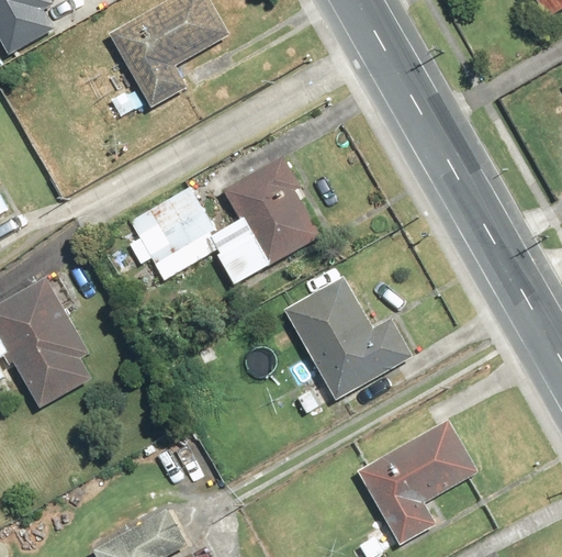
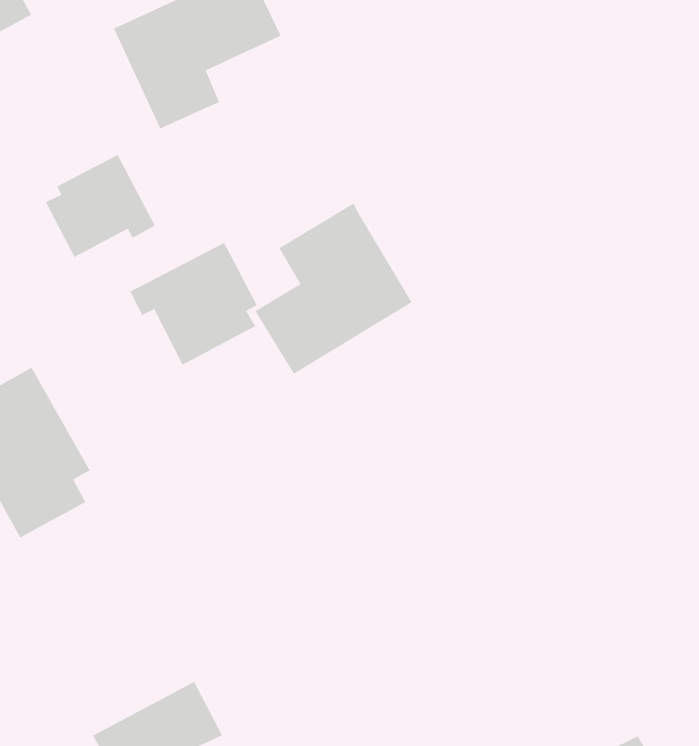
building: none -> [45,154,155,258]
building: [283,276,411,400] -> none
building: [357,419,476,543] -> none

